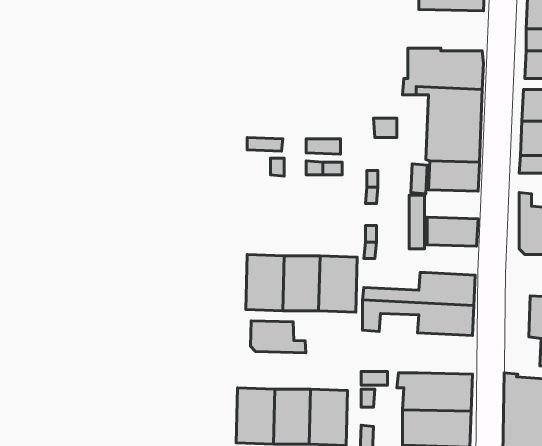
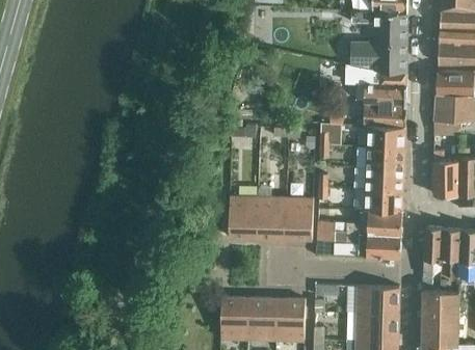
building: none -> [351,11,407,43]
building: none -> [365,147,403,169]
building: none -> [364,189,402,212]
building: none -> [422,226,443,287]
building: [251,321,306,353] -> none

